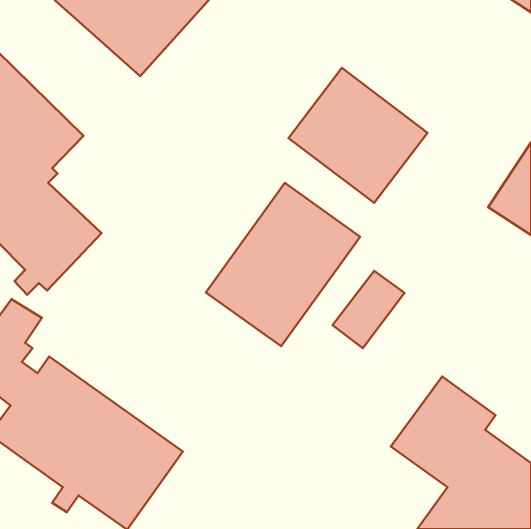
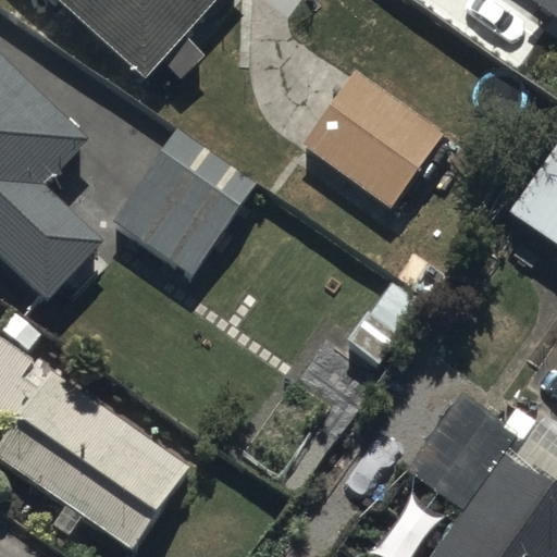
building: none -> [113,129,256,275]
building: [206,183,360,346] -> none

